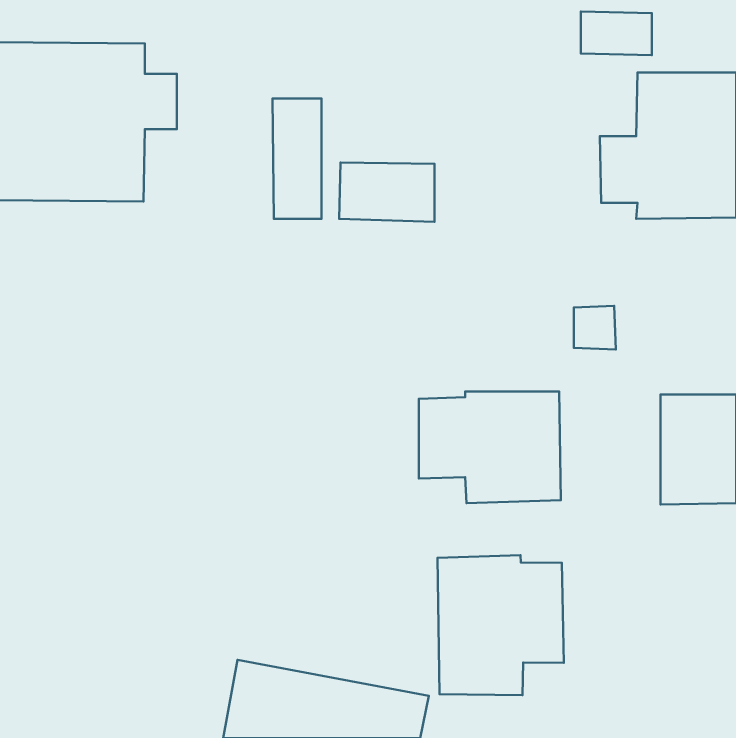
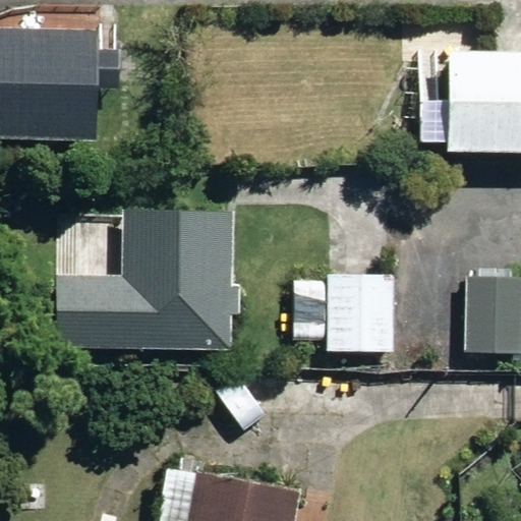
building: none -> [60,211,237,350]
building: [438,555,564,695] -> none

